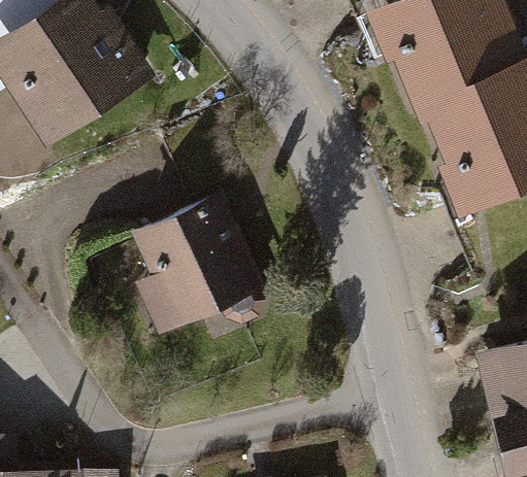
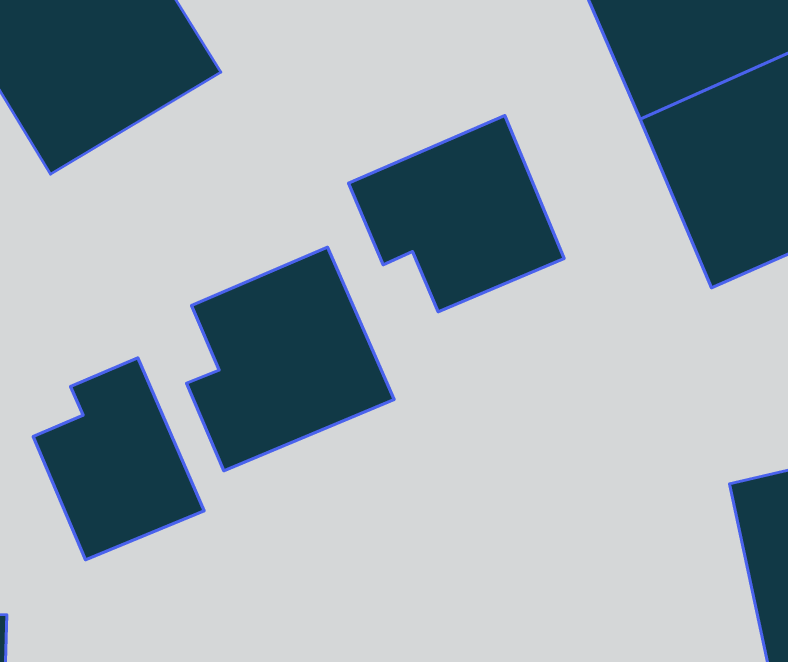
building: none -> [348,116,564,312]
building: none -> [33,358,204,560]

